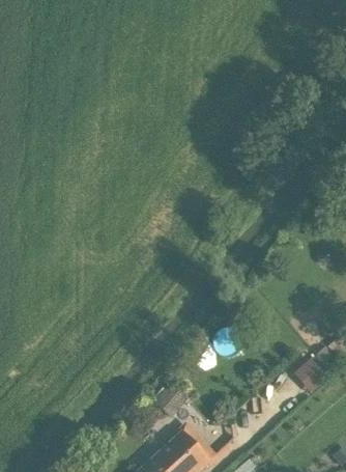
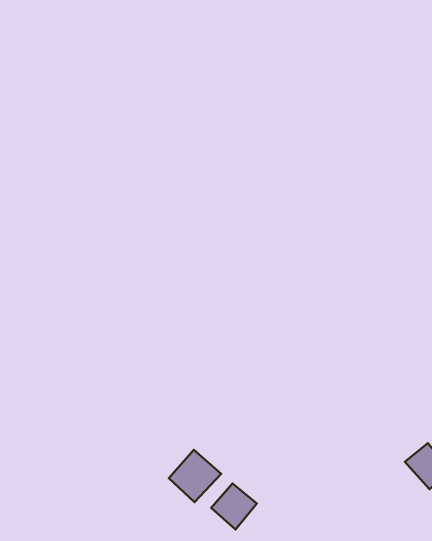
building: none -> [169,450,221,502]

